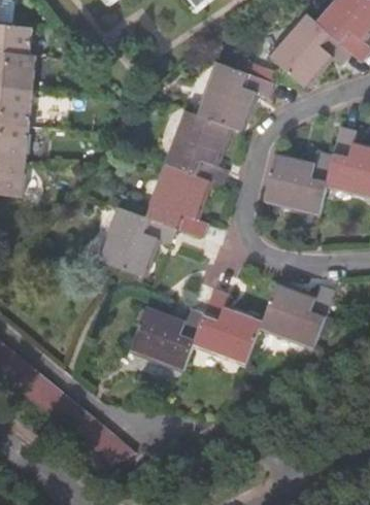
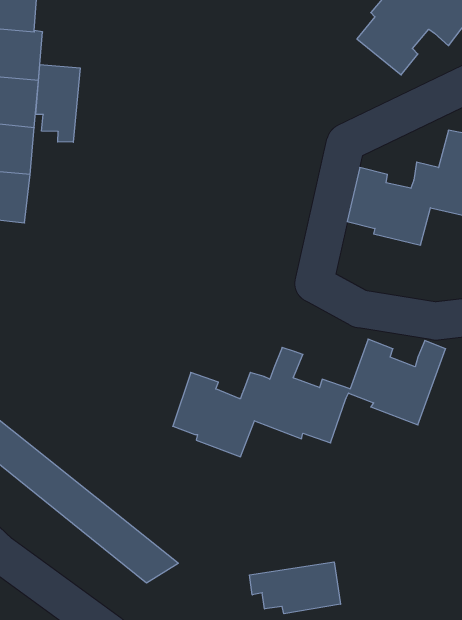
building: [103,61,272,277] -> none
building: none -> [36,64,80,142]
building: none -> [250,562,341,614]

